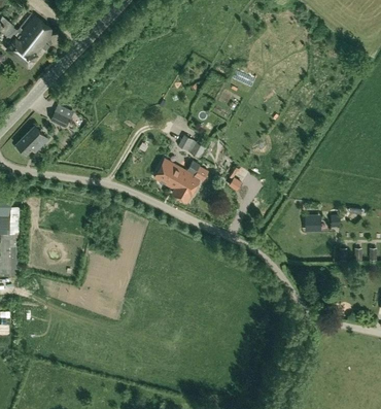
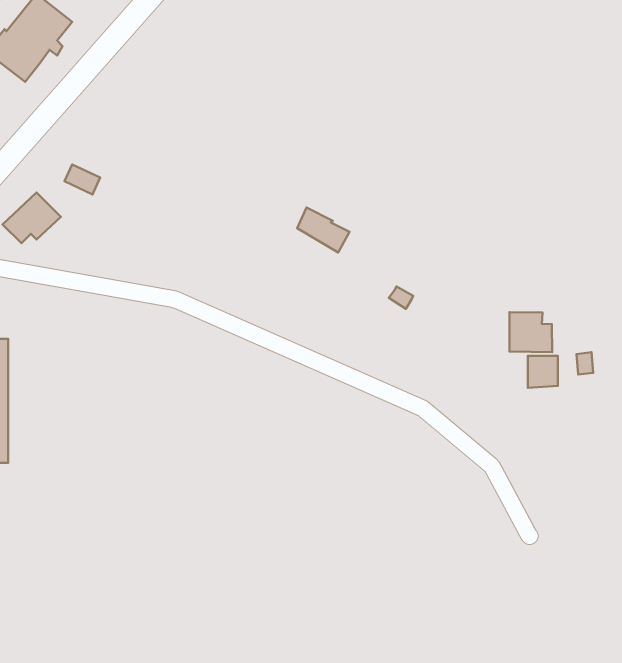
building: [153,159,202,202] -> none
building: none -> [510,312,552,352]

